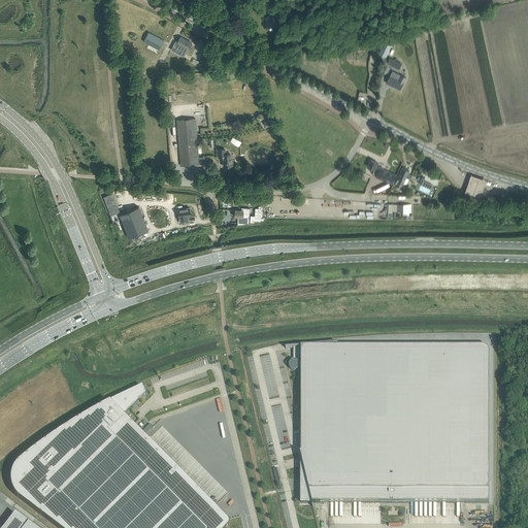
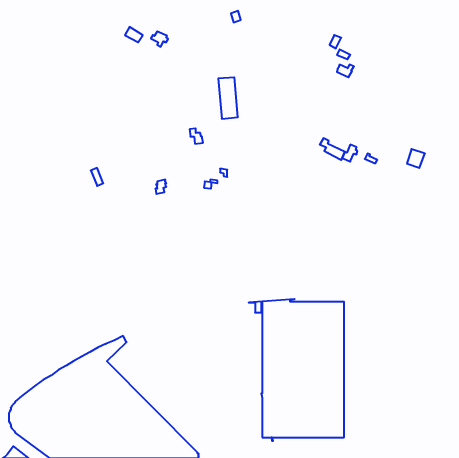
building: [176,118,199,165] -> [218,77,238,119]
building: [120,205,147,237] -> none
building: [395,346,489,502] -> none

